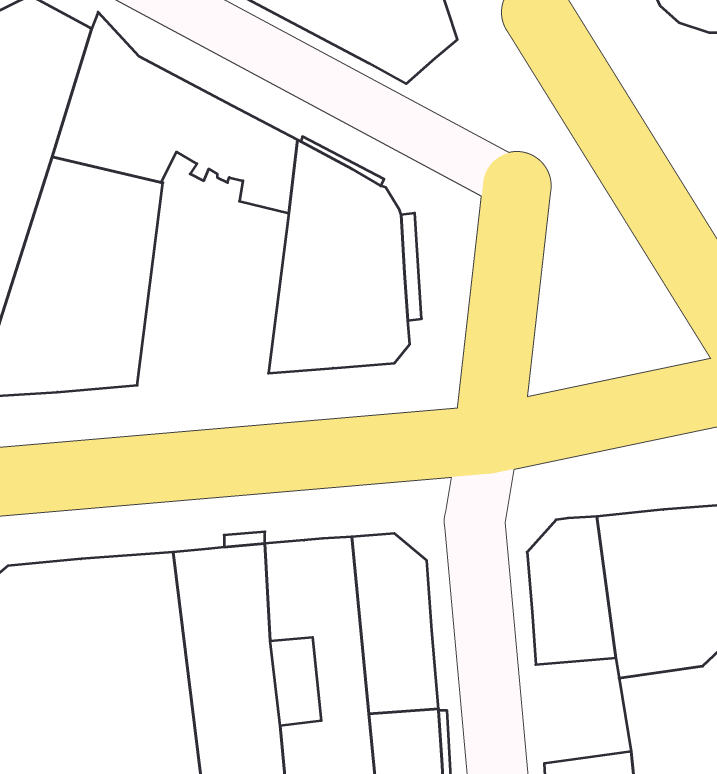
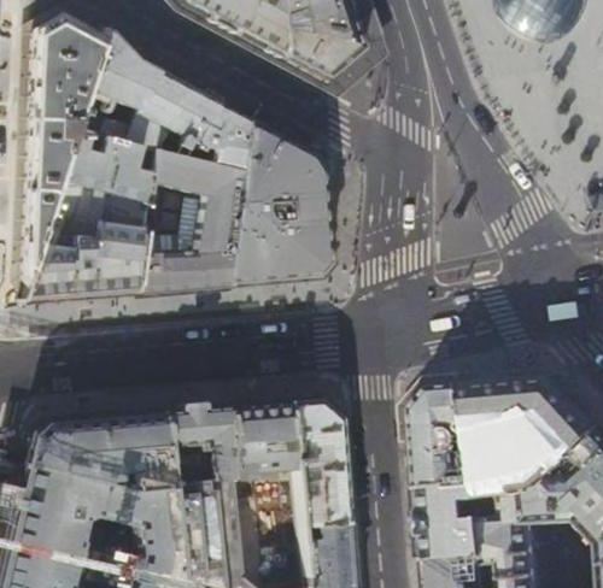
building: none -> [139,151,246,294]
building: none -> [421,487,488,561]

